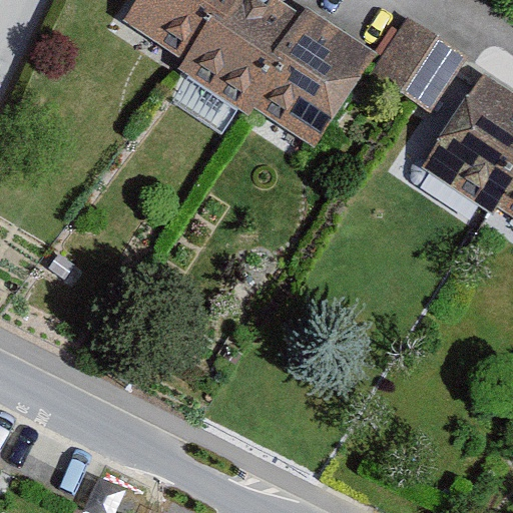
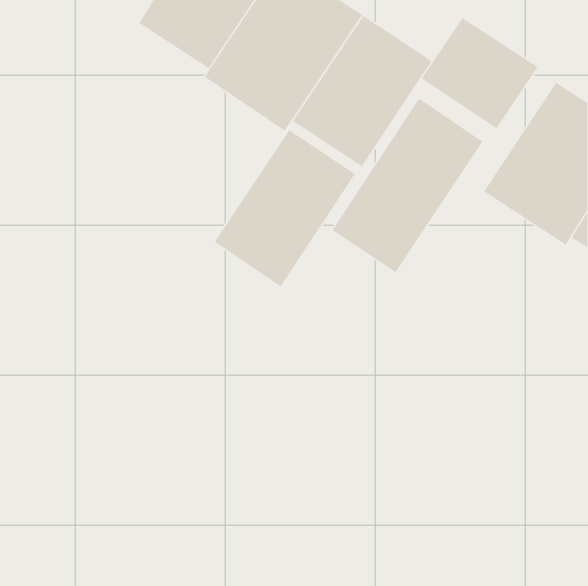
building: none -> [331,98,484,273]
building: none -> [214,129,356,287]

